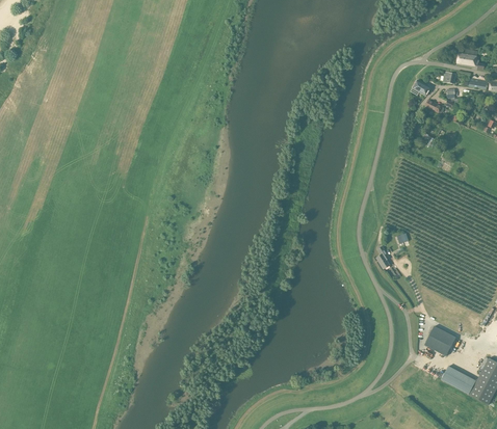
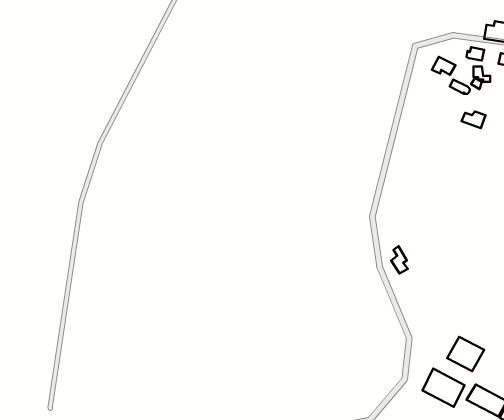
building: none -> [422,369,465,407]

